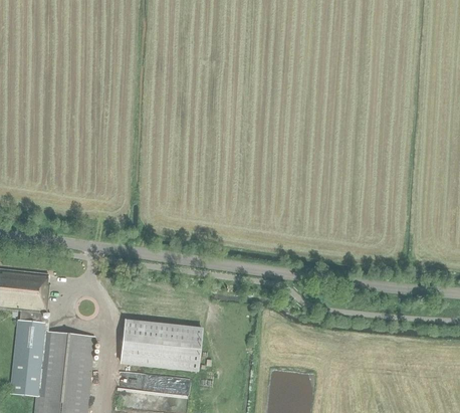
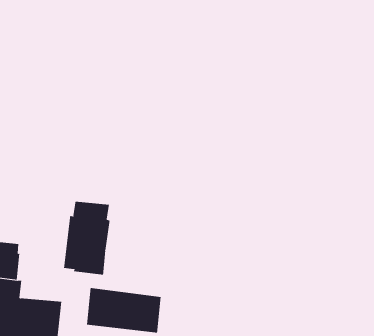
building: none -> [64,201,110,275]

